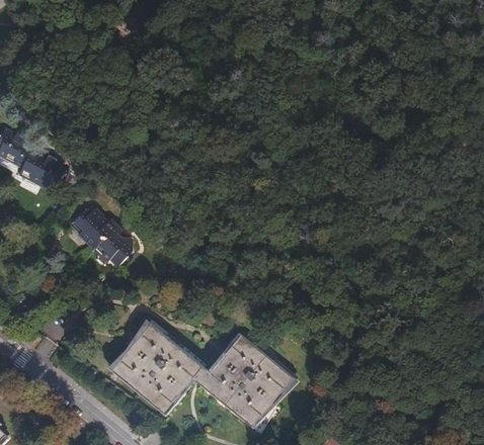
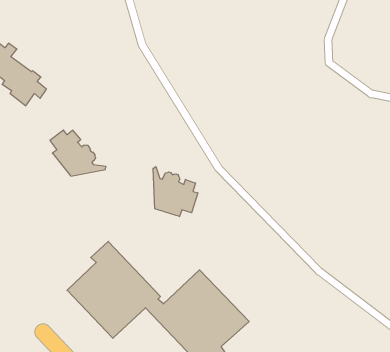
building: none -> [153,167,198,217]

